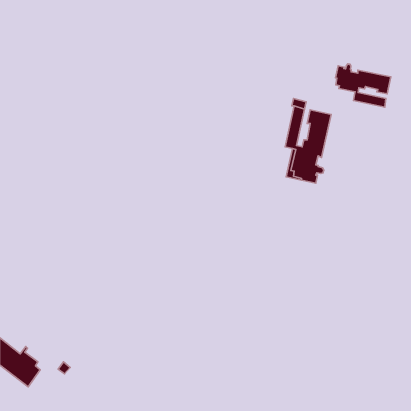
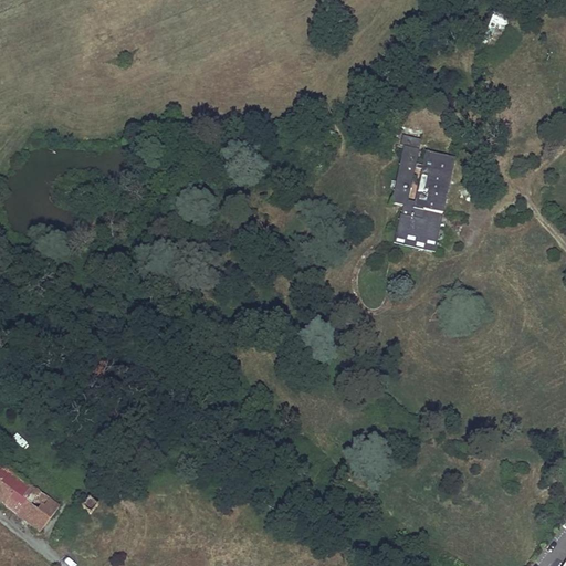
building: [336,64,391,107] -> none

